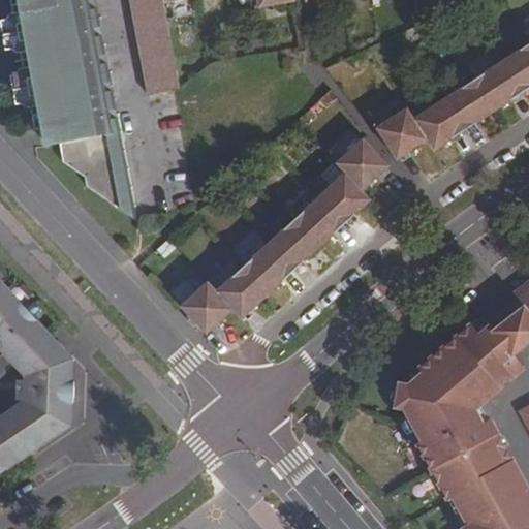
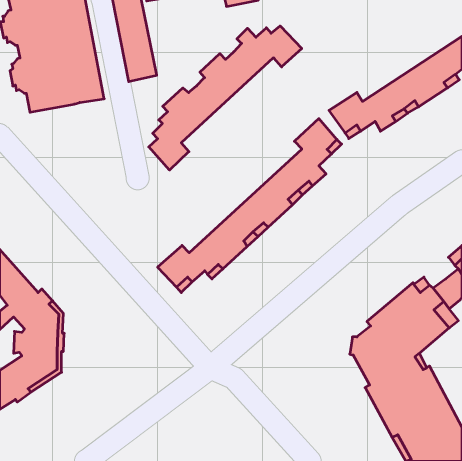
building: none -> [149,26,302,170]
building: [60,113,139,221] -> none

